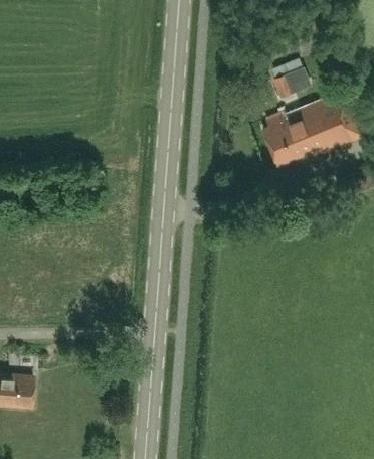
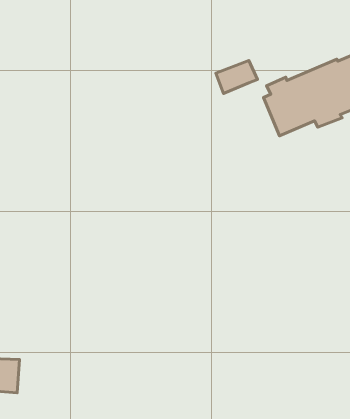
building: [272,67,312,99] -> [216,60,257,93]

